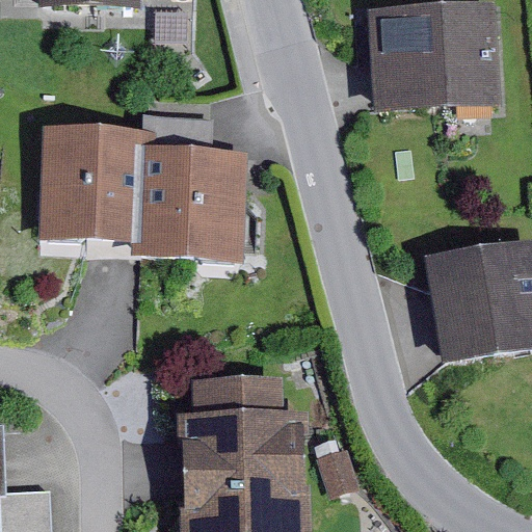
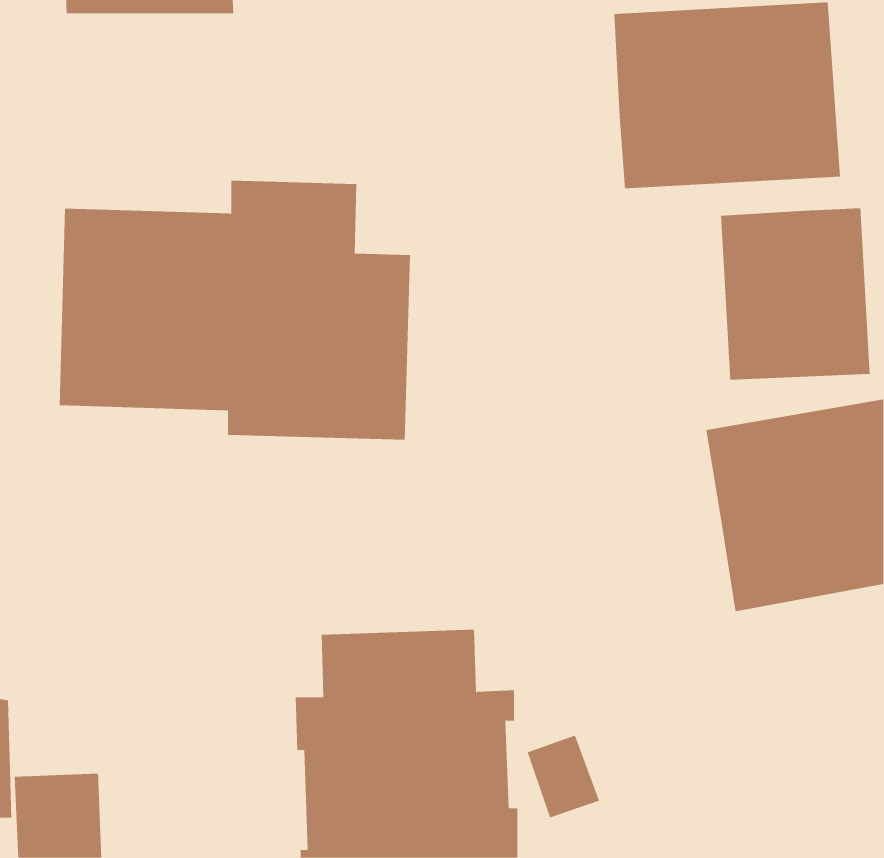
building: none -> [720,208,870,381]

